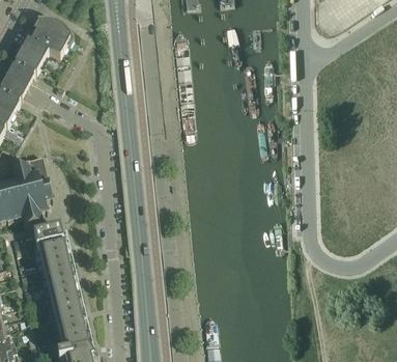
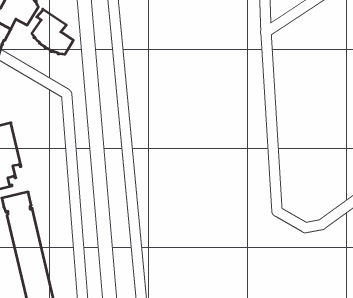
building: none -> [32,9,73,54]

